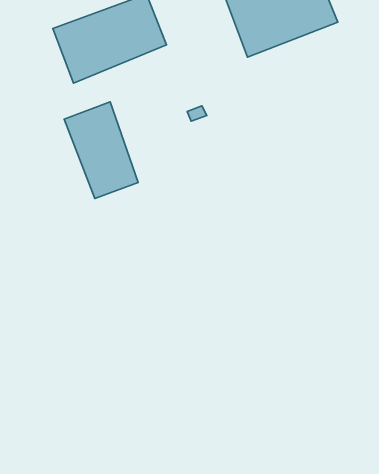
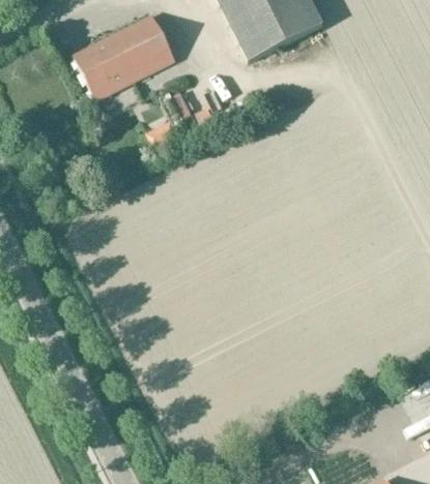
building: [64,102,138,198] -> none

